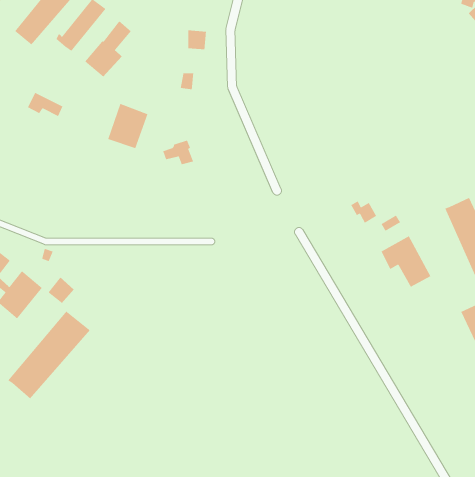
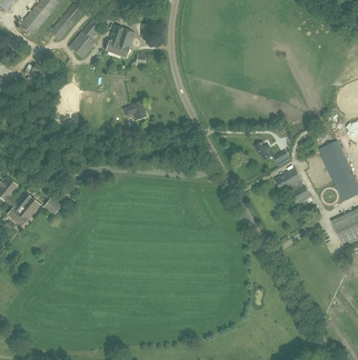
building: [107,103,149,149] -> [105,24,133,57]
building: [7,311,91,400] -> none

